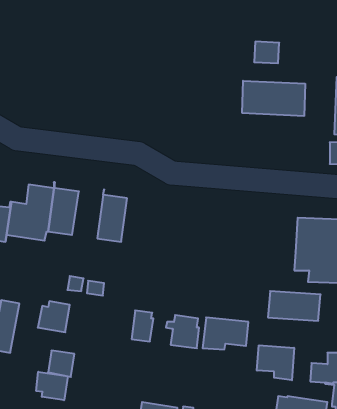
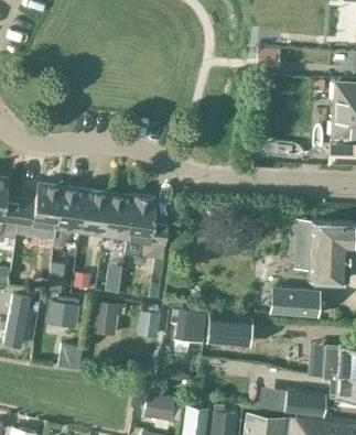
building: [242,81,305,116] -> none
building: none -> [80,191,111,238]
building: none -> [126,197,170,262]
building: none -> [93,303,125,336]
building: [257,345,294,380] -> none
building: [36,372,68,400] -> none

